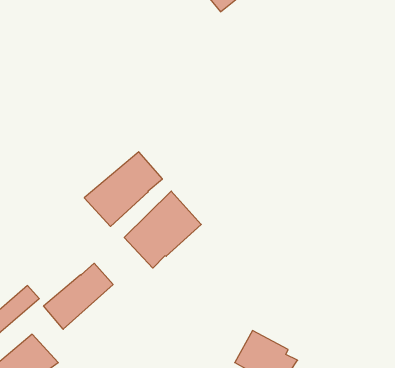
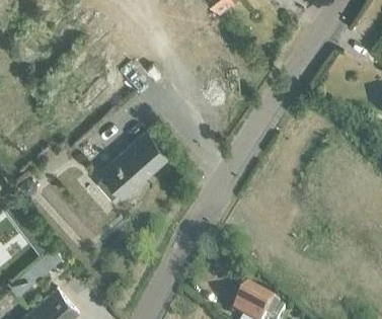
building: [124,191,201,268] -> none
building: [44,263,113,329] -> none

